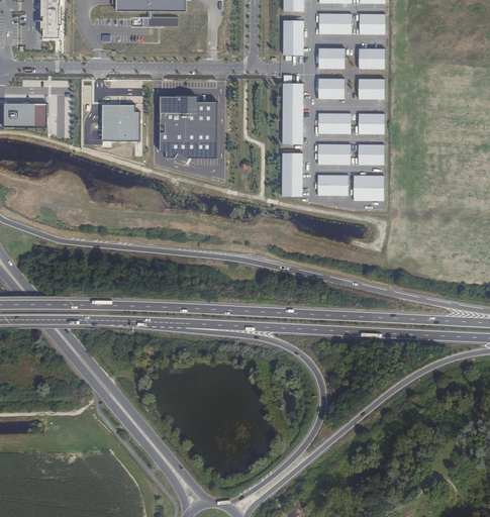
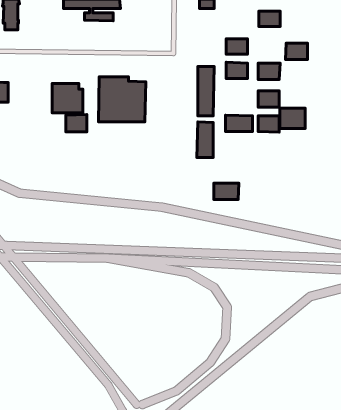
building: [317,14,350,33] -> none
building: [282,19,302,56] -> none
building: [357,48,384,69] -> [285,43,307,60]
building: [316,113,349,133] -> none
building: none -> [66,114,87,132]
building: [316,175,348,195] -> [214,183,239,199]
building: [352,175,383,200] -> [280,108,305,128]

